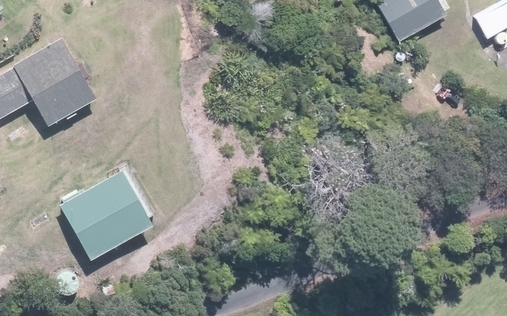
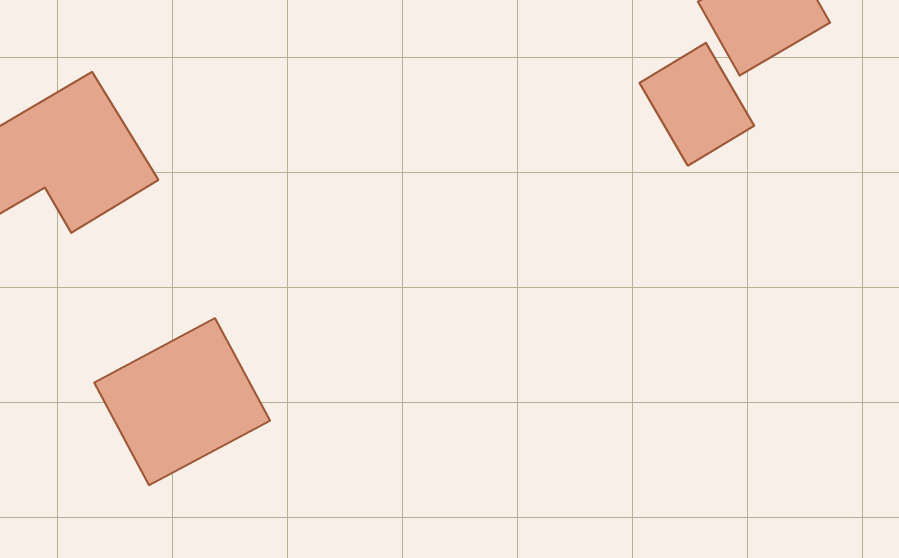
building: none -> [640,43,754,166]

